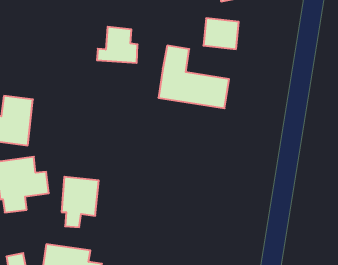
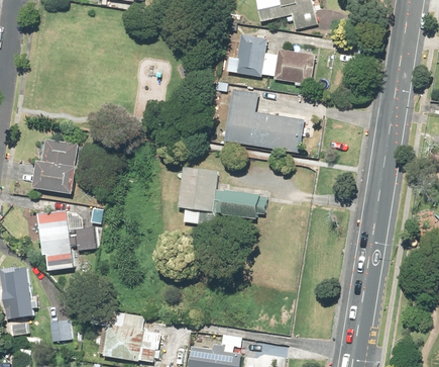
building: [97,27,138,63] -> [227,33,273,75]
building: none -> [223,191,264,219]
building: [62,177,99,227] -> [179,167,221,224]

